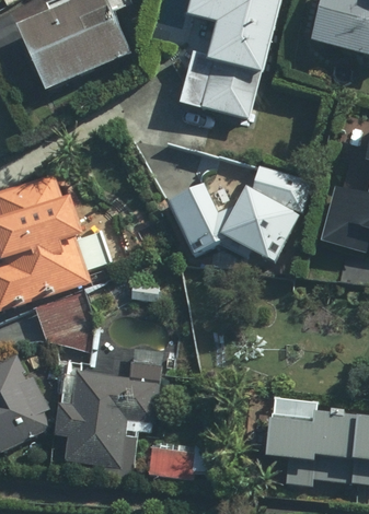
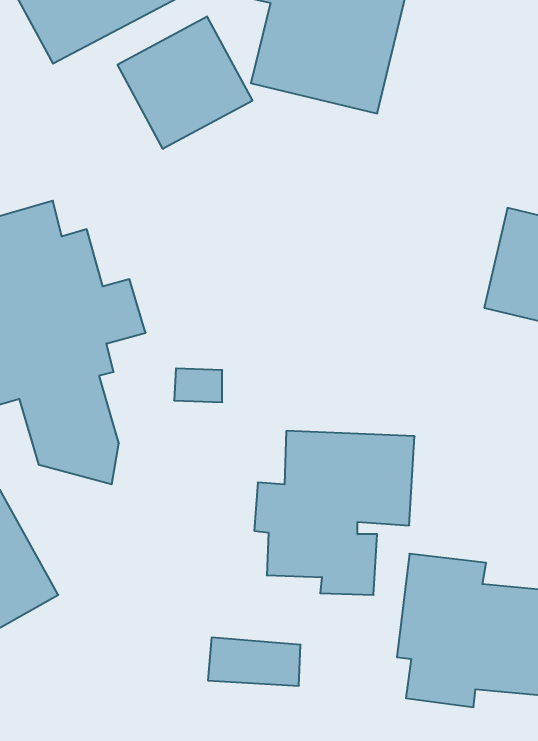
building: none -> [118,16,252,149]
building: [140,139,314,264] -> none
building: [58,372,157,472] -> [254,431,415,595]

